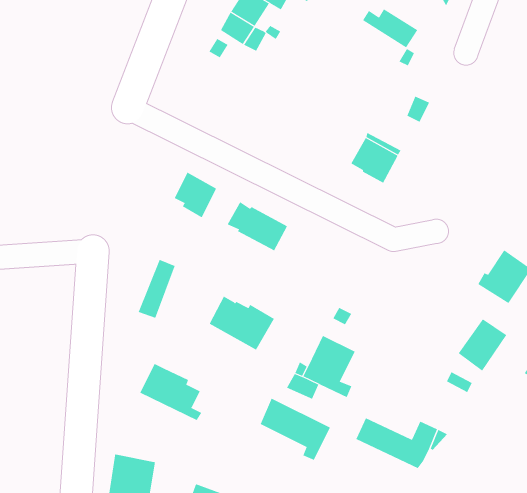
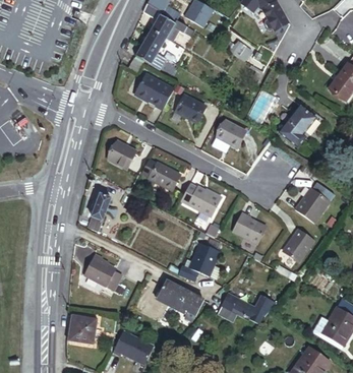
building: none -> [137,73,175,110]
building: none -> [177,94,208,122]
building: none -> [281,106,317,146]
building: none -> [230,212,264,245]
building: [209,296,275,350] -> [180,183,221,216]

